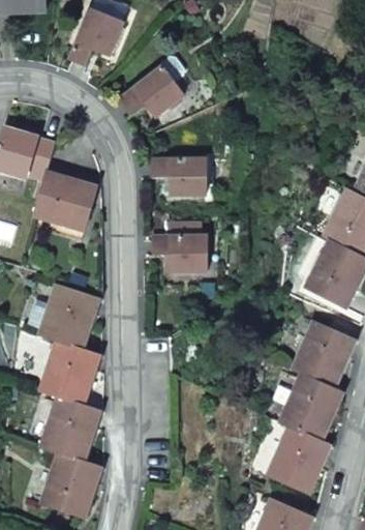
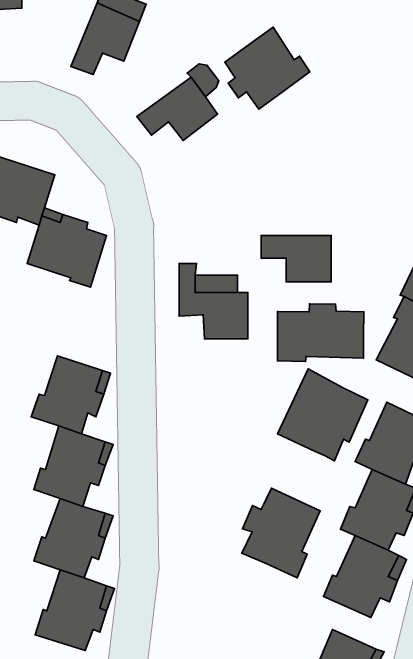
building: none -> [225,27,310,109]
building: [151,159,206,196] -> [261,236,331,282]
building: none -> [278,304,364,361]
building: none -> [278,369,368,461]
building: none -> [242,488,320,578]

